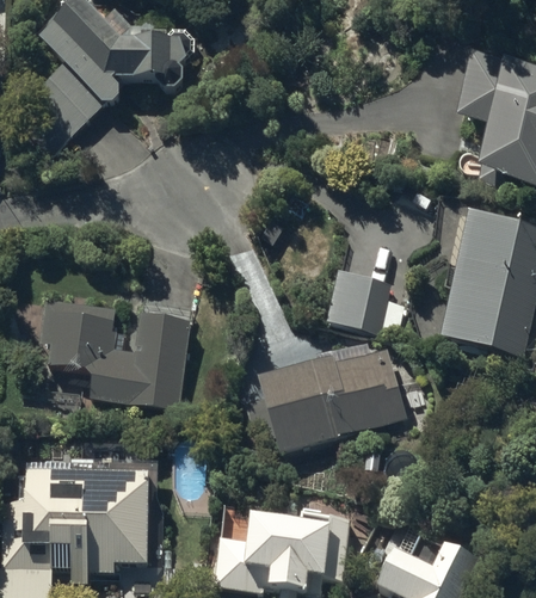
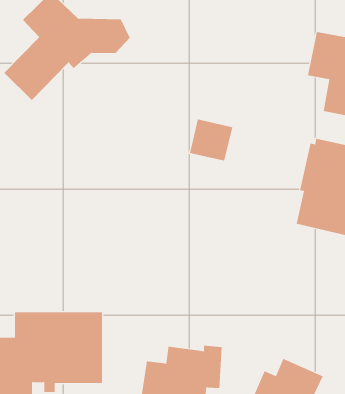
building: [325,270,389,332] -> [189,119,233,161]
building: [37,297,191,408] -> none
building: [258,341,408,454] -> none

